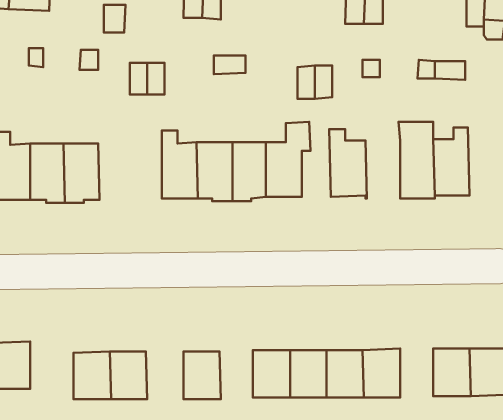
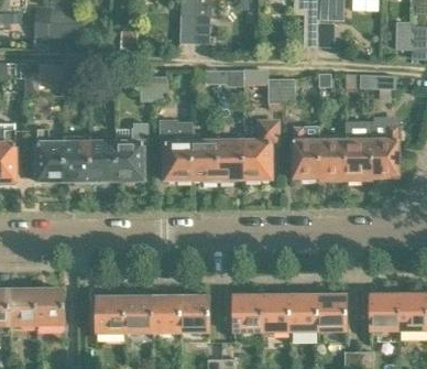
building: none -> [116,123,147,181]
building: none -> [319,135,346,180]
building: none -> [152,296,180,333]

